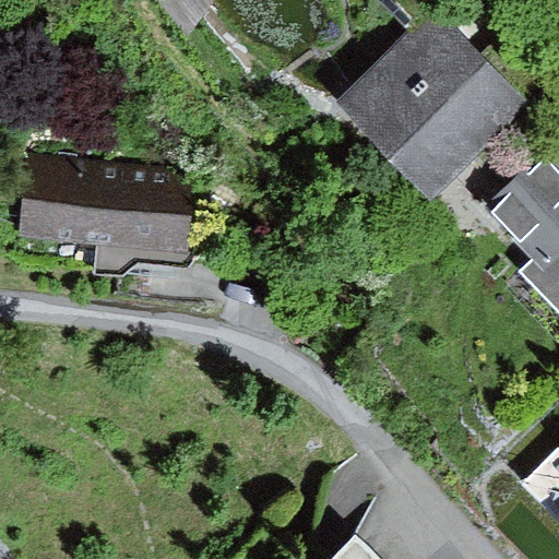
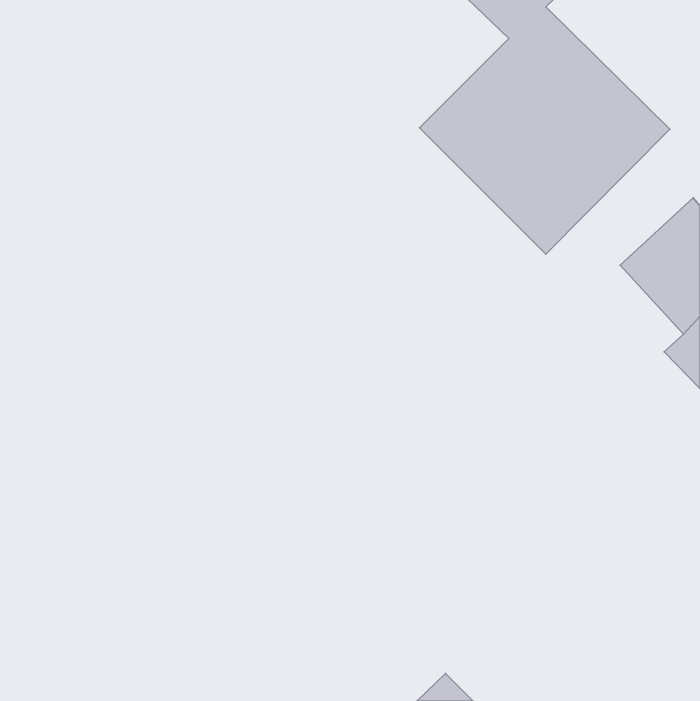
building: [21,154,195,276] -> none

